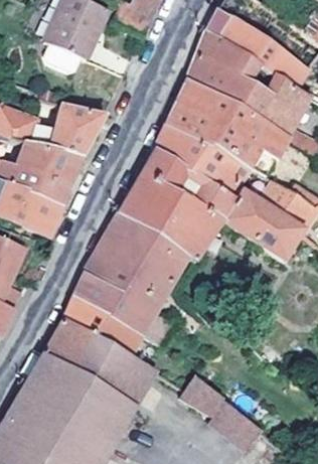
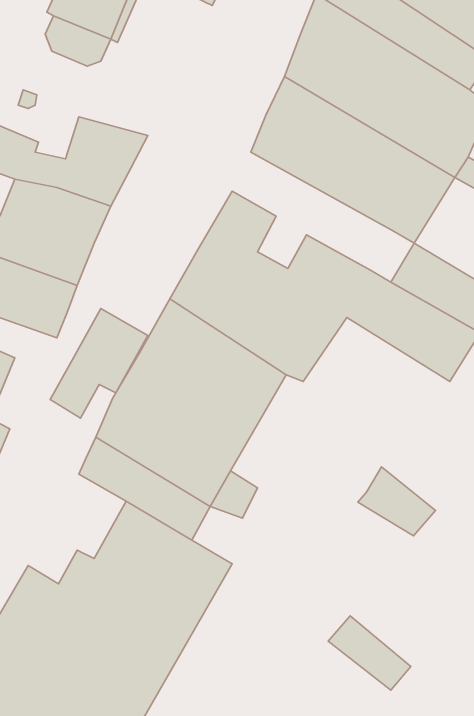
building: [155,124,252,194] -> none
building: [33,316,92,381] -> [50,309,148,418]
building: [179,374,225,416] -> [358,467,436,536]

